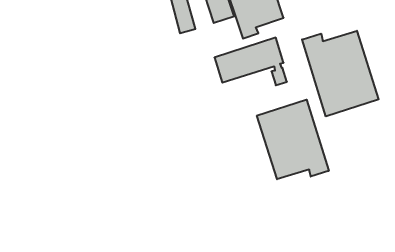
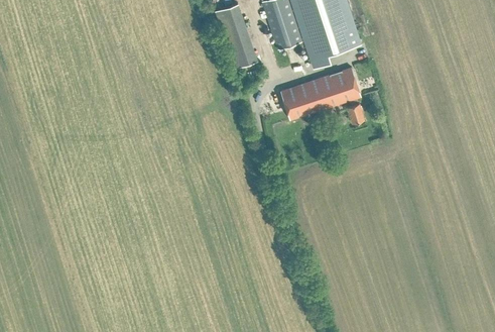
building: [302,31,379,116] -> none
building: [257,100,329,179] -> none

